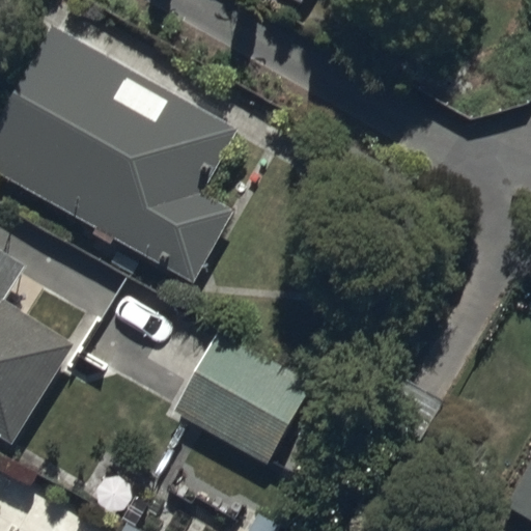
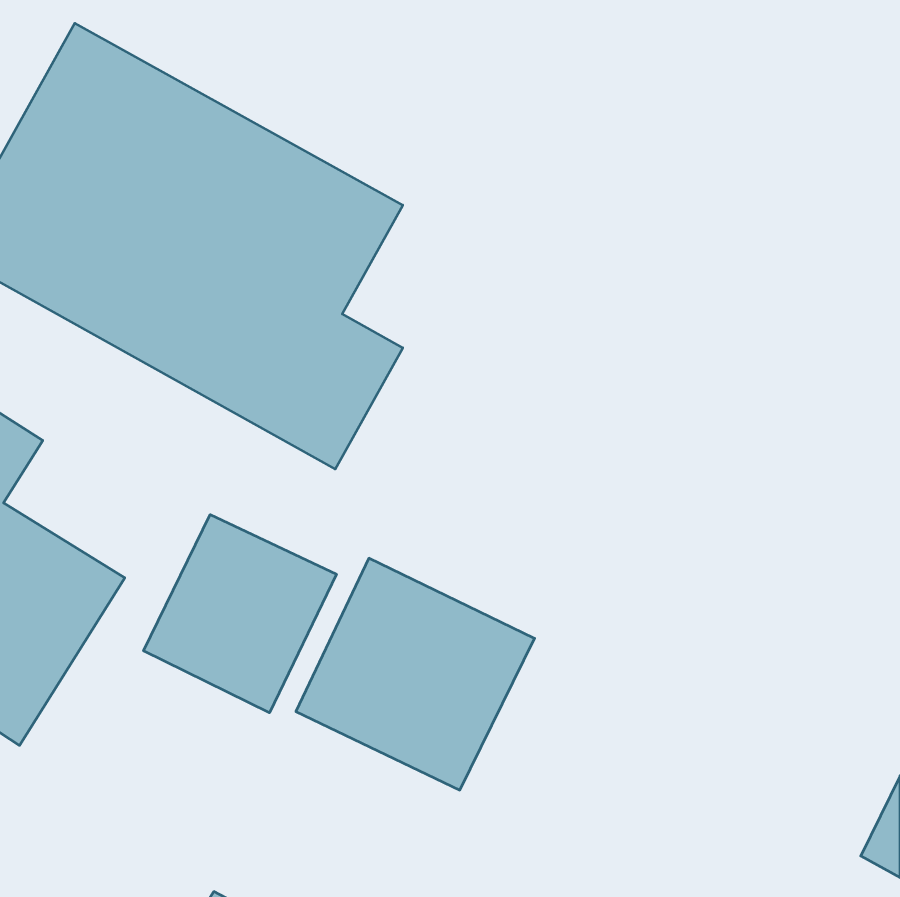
building: none -> [144,515,336,713]

